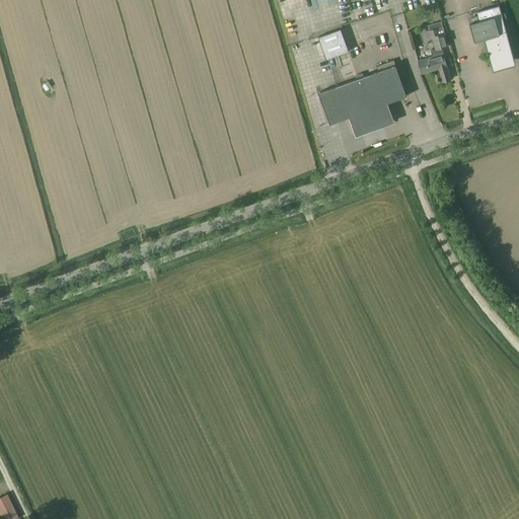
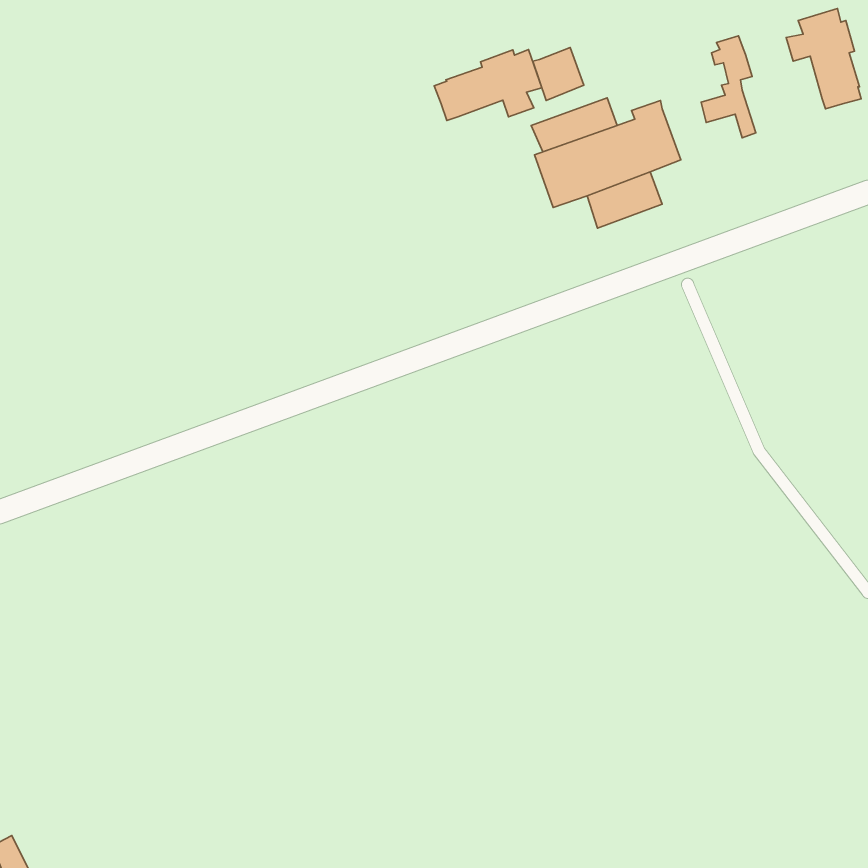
building: none -> [434,49,542,120]
building: none -> [531,98,617,152]

